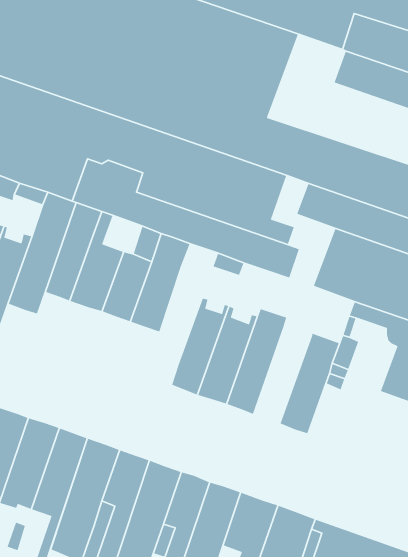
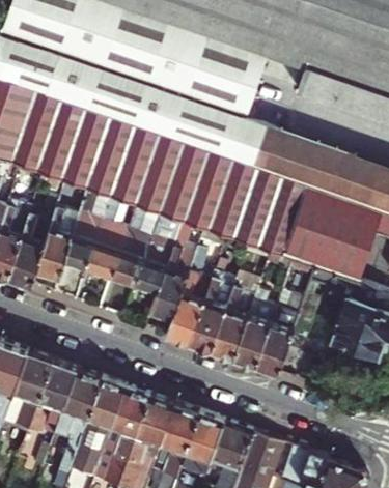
building: none -> [247,166,298,255]
building: none -> [149,239,196,318]
building: none -> [232,287,279,366]

